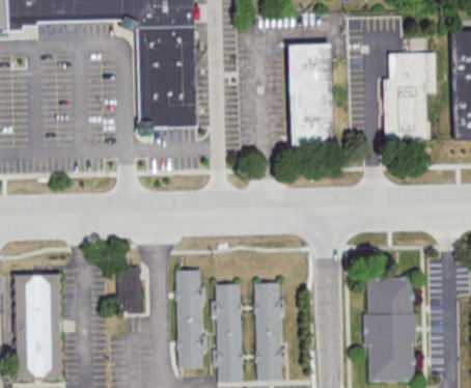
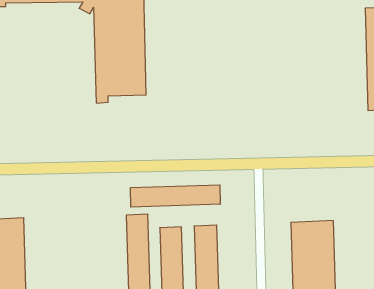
building: [286,43,333,144] -> none
building: [384,52,436,138] -> none
building: none -> [131,185,220,207]
building: [117,267,140,311] -> none

